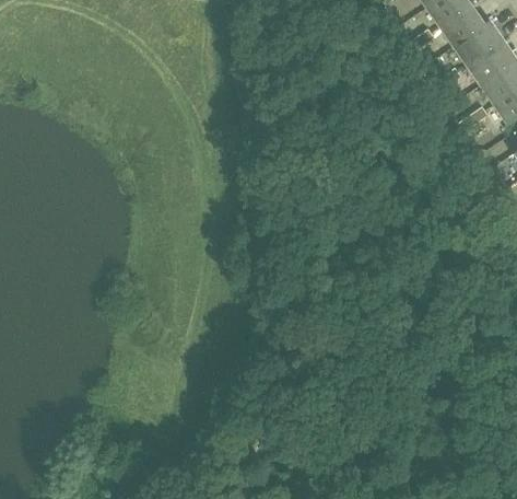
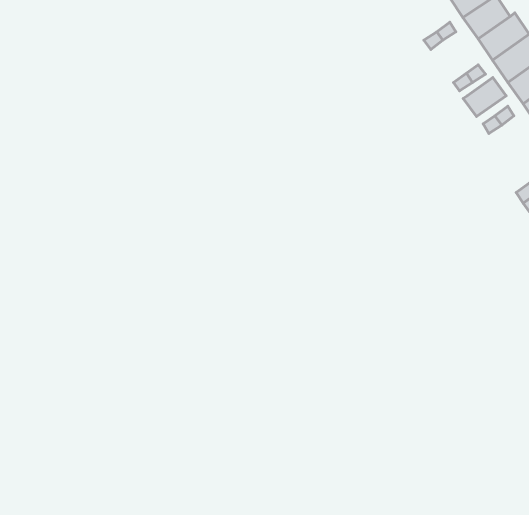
building: none -> [463,78,506,116]

